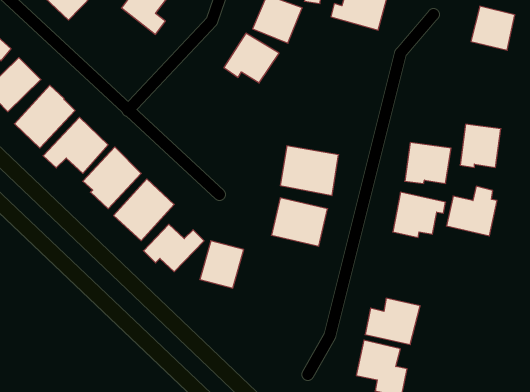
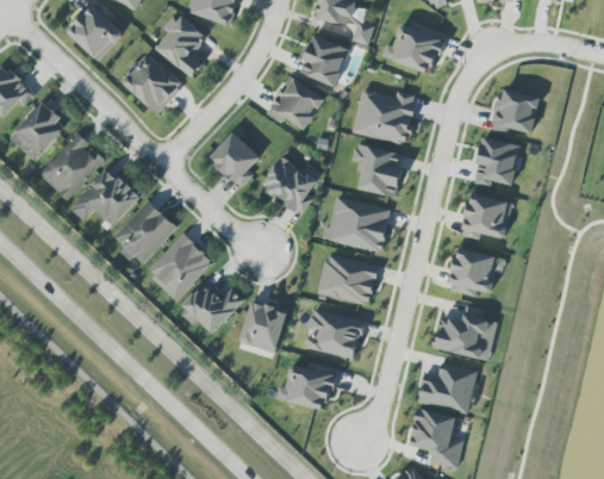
building: [471,6,515,50] -> [492,87,540,135]
building: none -> [123,52,183,113]
building: none -> [354,88,416,142]
building: none -> [208,131,260,187]
building: none -> [353,142,403,195]
building: none -> [260,155,320,212]
building: [460,124,501,167] -> [475,137,519,183]
building: [446,186,497,236] -> [434,304,488,357]
building: none -> [304,307,368,357]
building: none -> [280,362,335,409]

